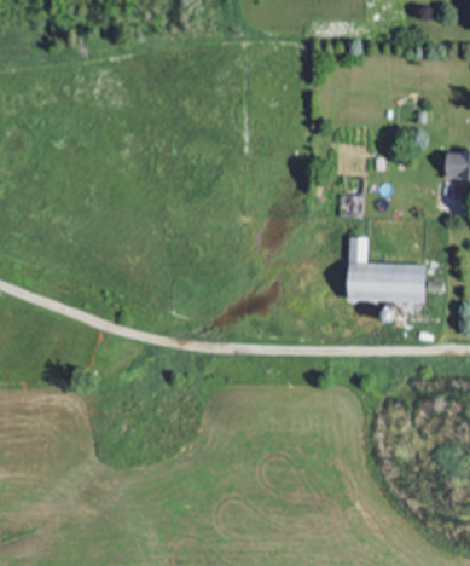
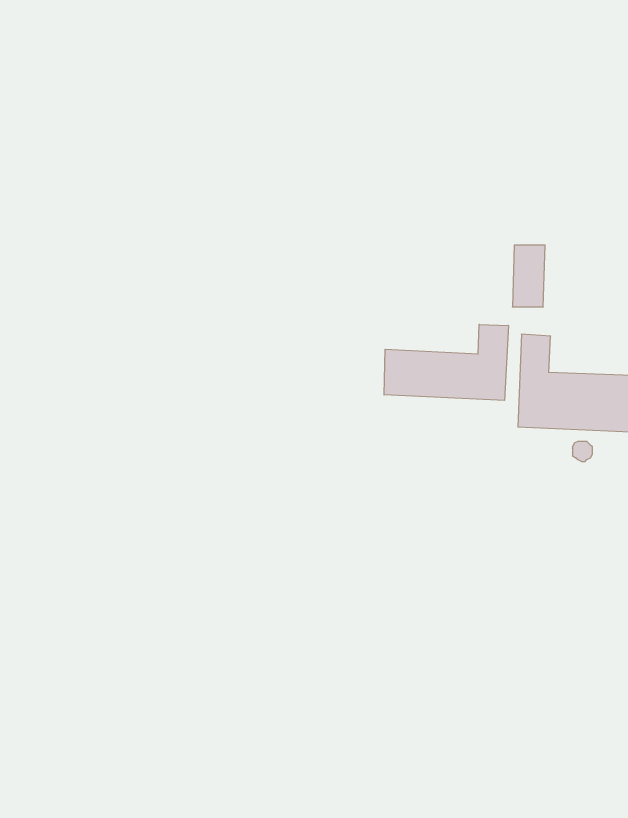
building: none -> [384,324,508,400]

